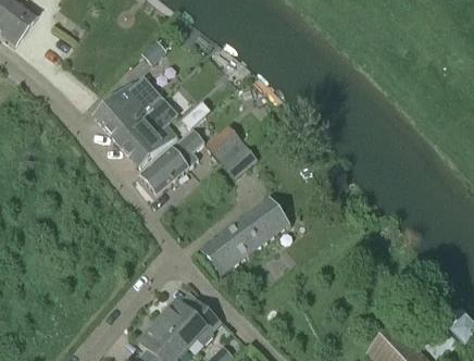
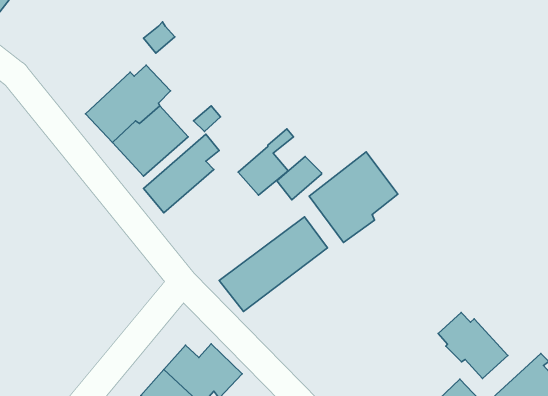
building: [205,126,241,161] -> [277,156,321,200]
building: none -> [309,152,398,243]
building: none -> [438,313,508,379]

